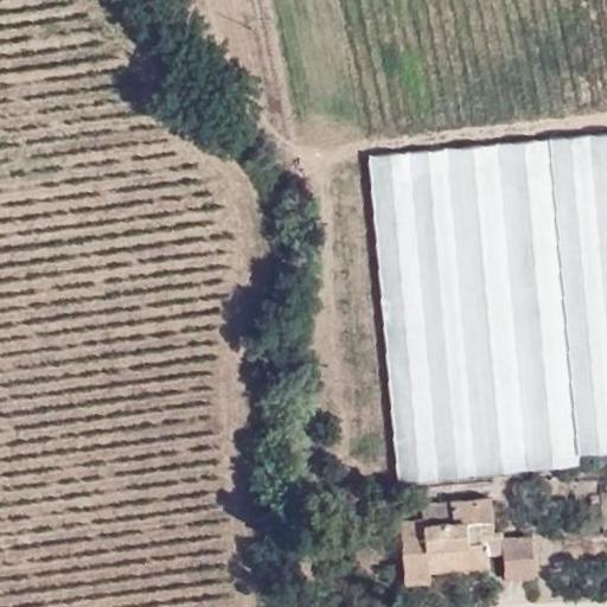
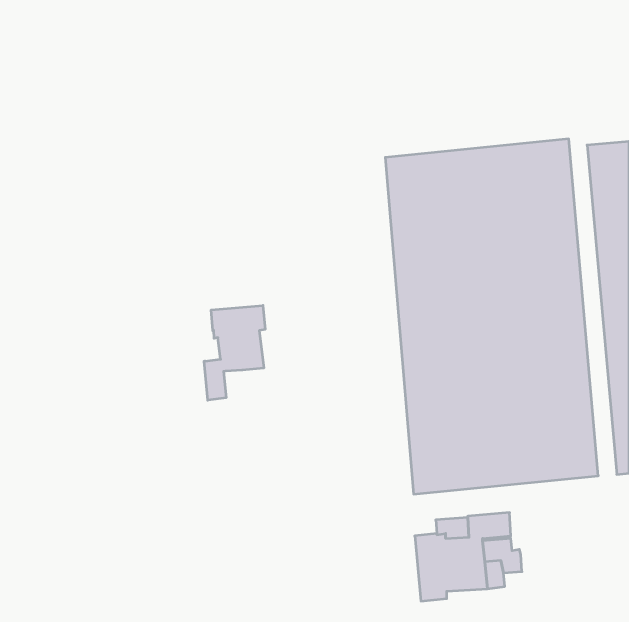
building: none -> [204,305,265,400]
building: [501,538,533,584] -> none

